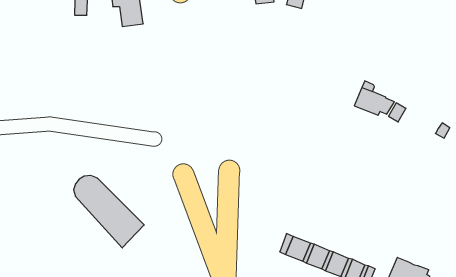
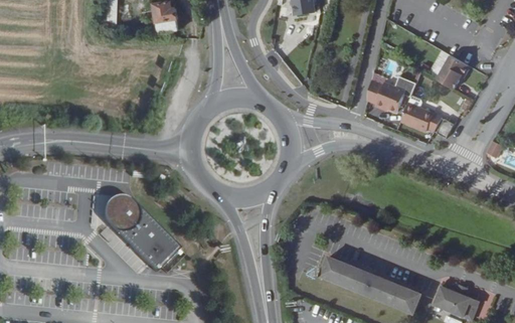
building: none -> [437,54,470,89]
building: none -> [367,78,405,111]

